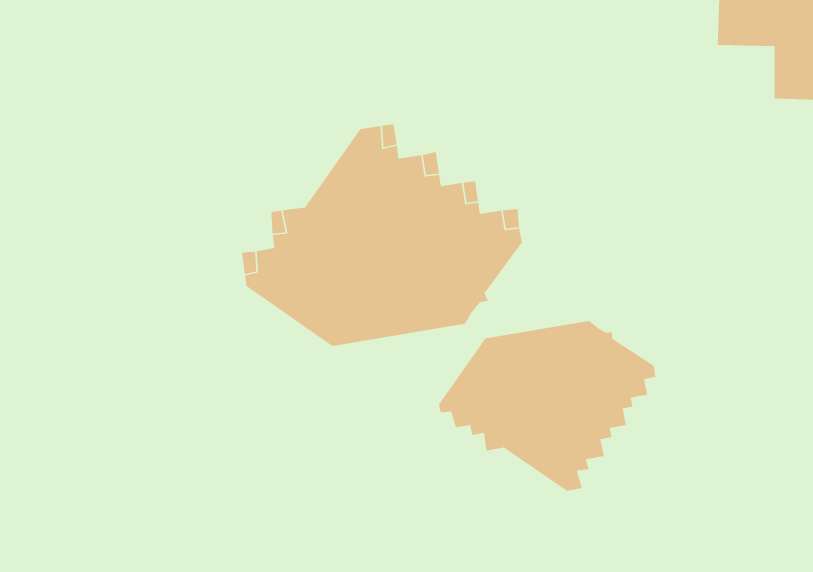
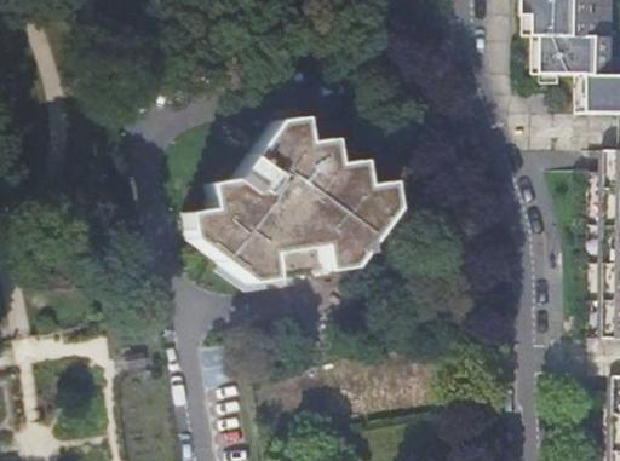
building: [438,320,656,491] -> none

